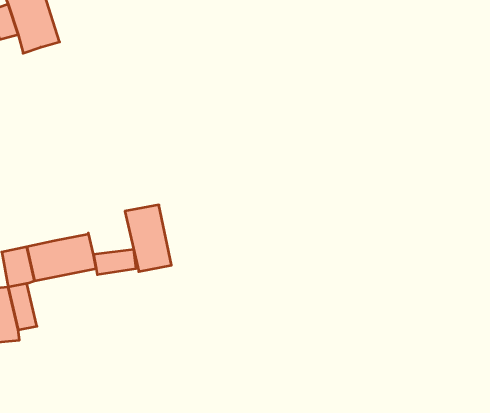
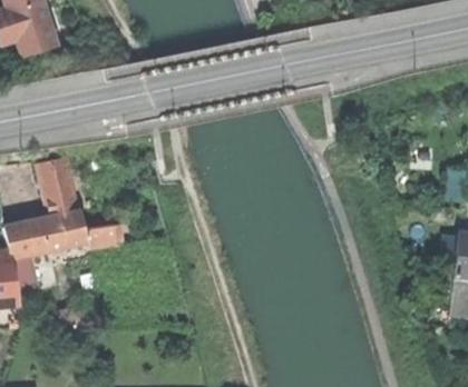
building: [125,205,171,272] -> [39,157,80,216]

